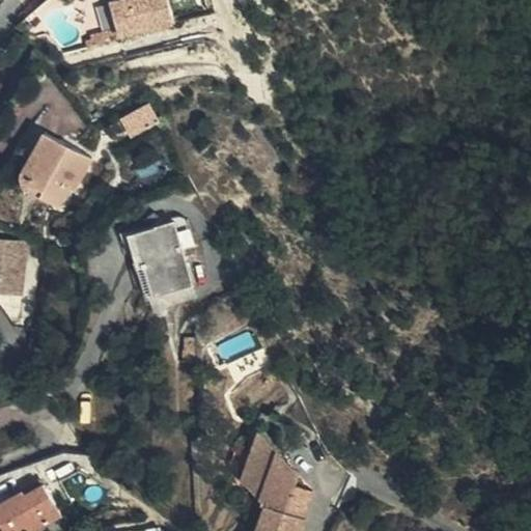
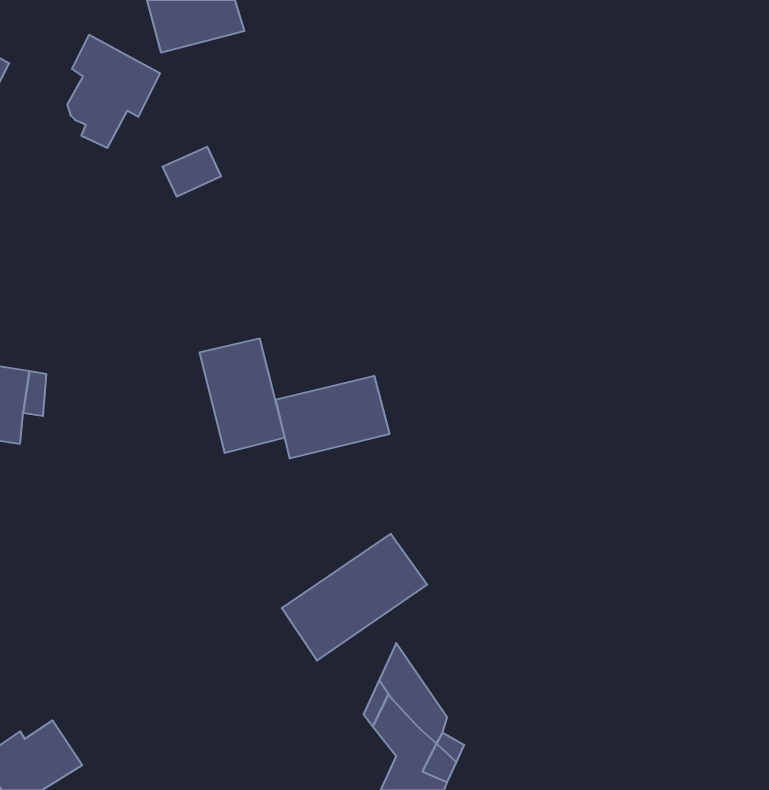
building: [26,135,88,211] -> [67,35,160,148]
building: none -> [276,376,389,459]
building: none -> [282,534,427,661]

